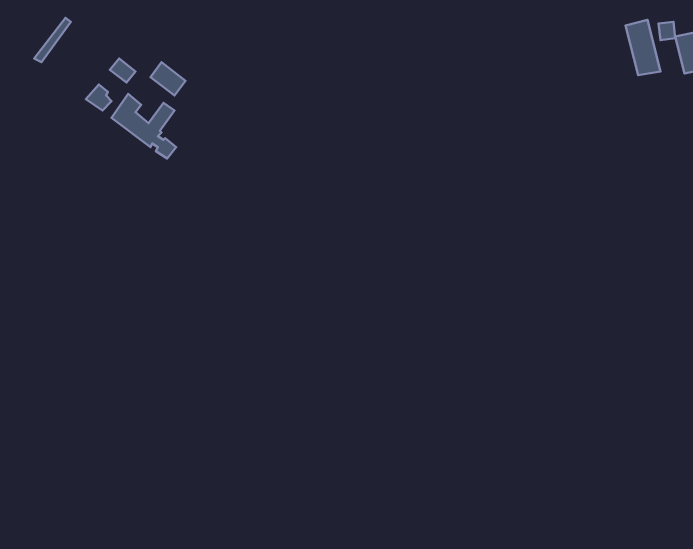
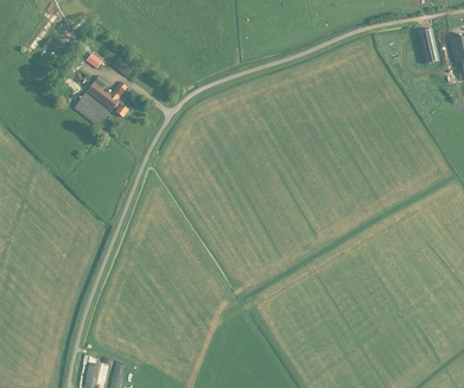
building: none -> [74,93,109,126]

